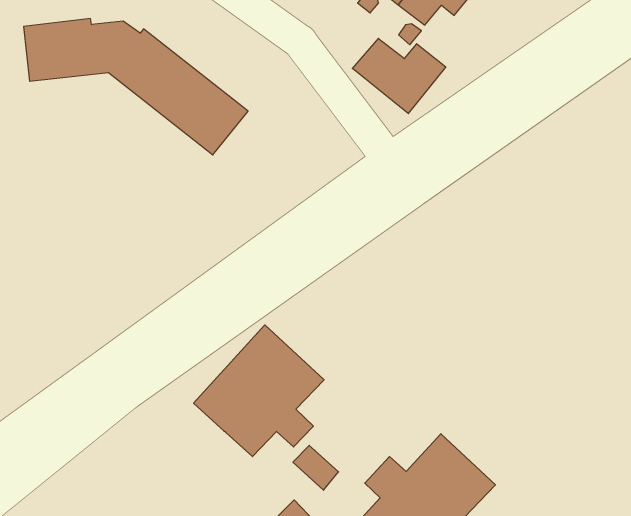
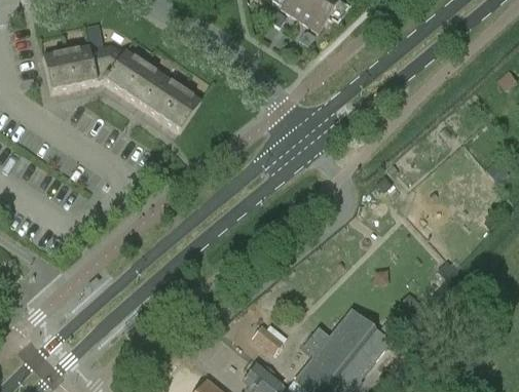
building: [352,38,446,114] -> none
building: [194,325,324,457] -> none

